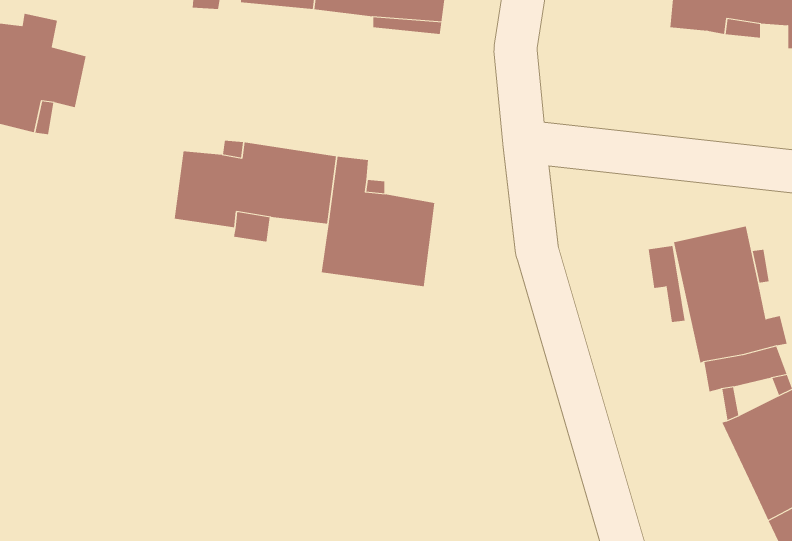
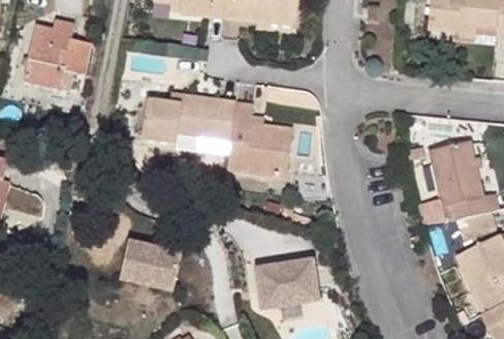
building: none -> [118,242,180,292]
building: none -> [253,266,315,313]

